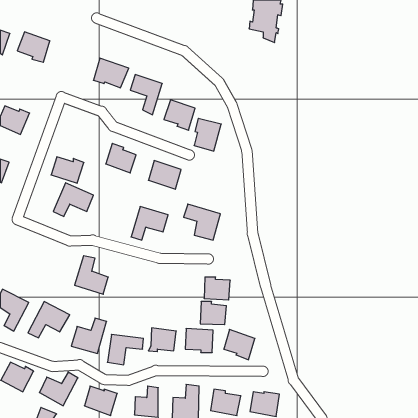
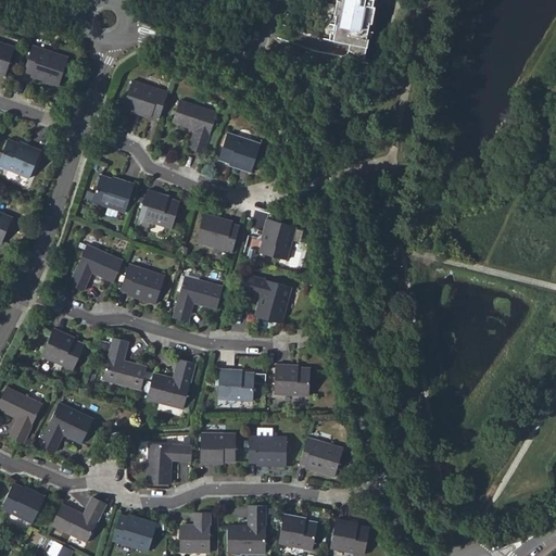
building: [194,118,221,151] -> [263,213,299,256]
building: [51,157,84,183] -> [91,178,135,213]
building: none -> [123,262,163,300]
building: none -> [37,330,78,370]
building: [200,302,226,325] -> [217,372,252,403]
building: [71,318,107,353] -> [143,364,190,410]

